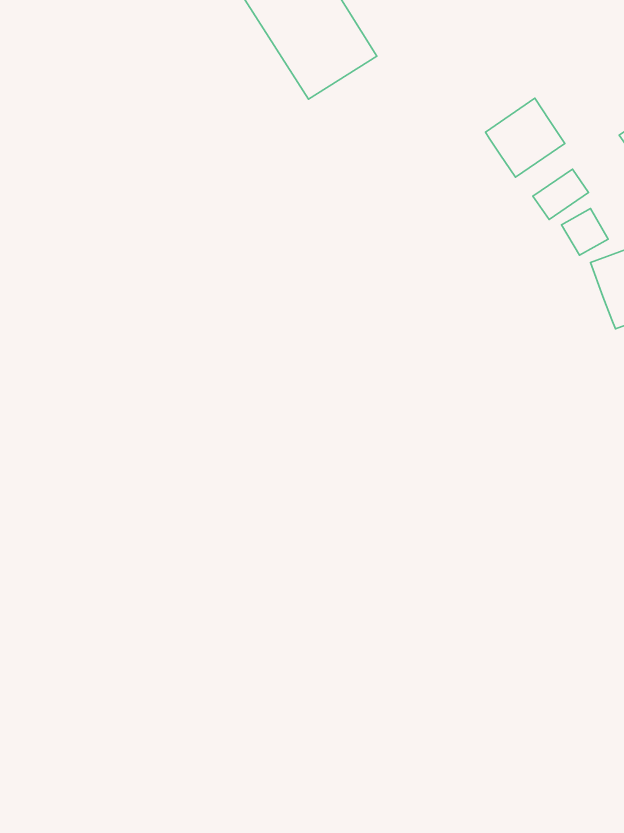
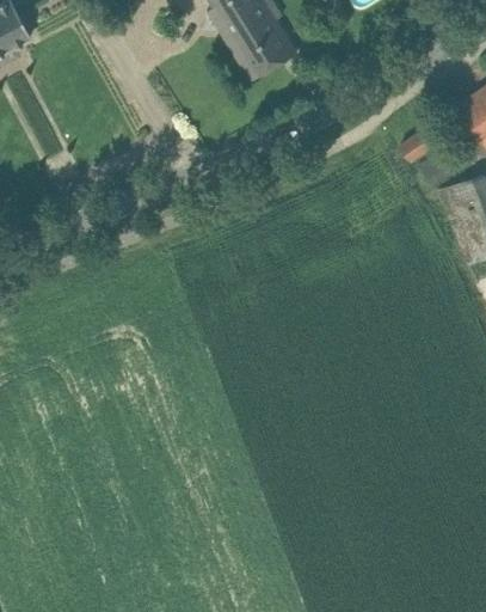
building: [485,98,565,177] -> none

